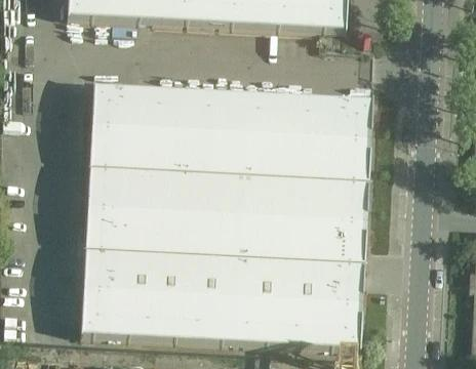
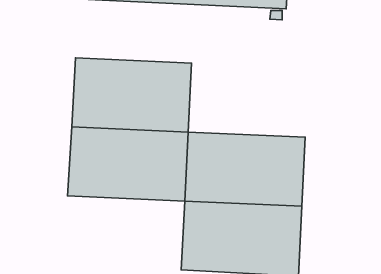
building: [228,91,371,179] -> none
building: [80,249,224,337] -> none

